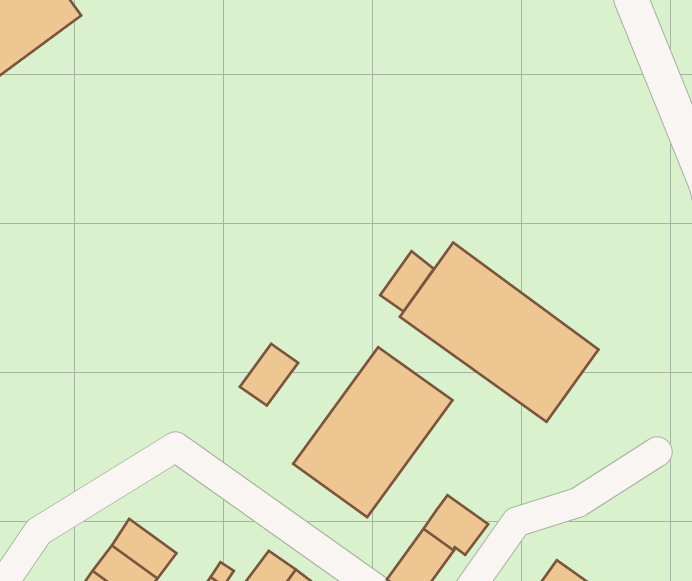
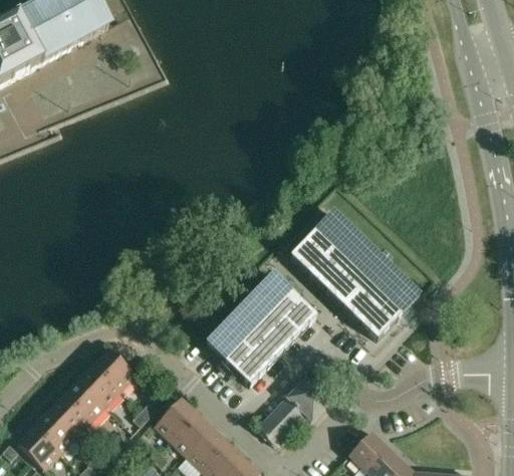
building: [380,251,434,311] -> none
building: [240,344,298,406] -> none
building: none -> [92,347,136,391]

